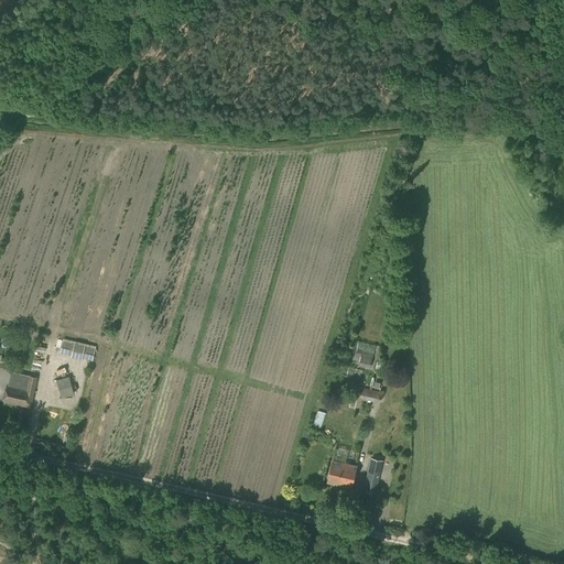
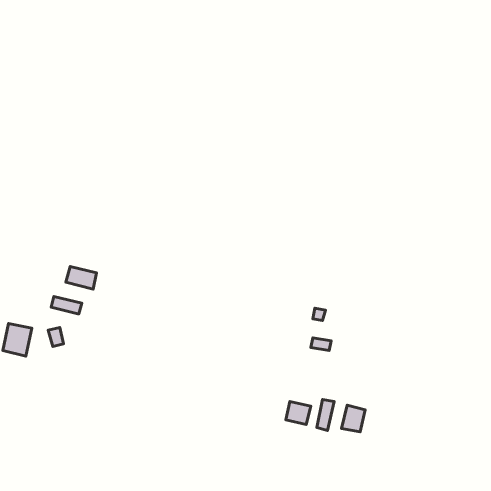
building: none -> [66,267,96,289]
building: none -> [342,405,365,432]

